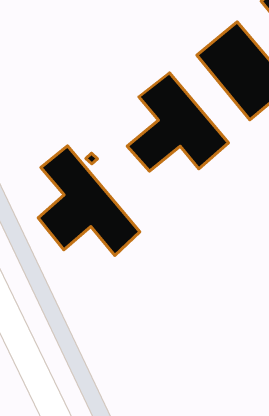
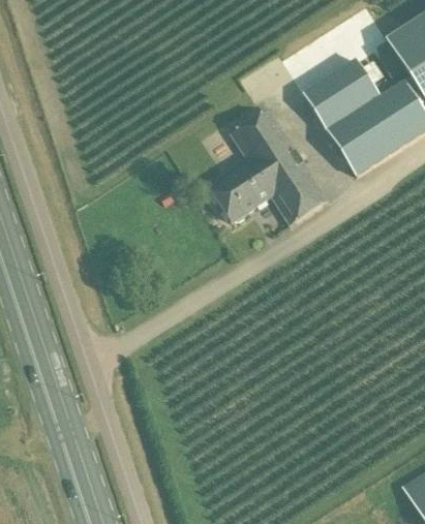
building: [38,146,140,255] -> none

